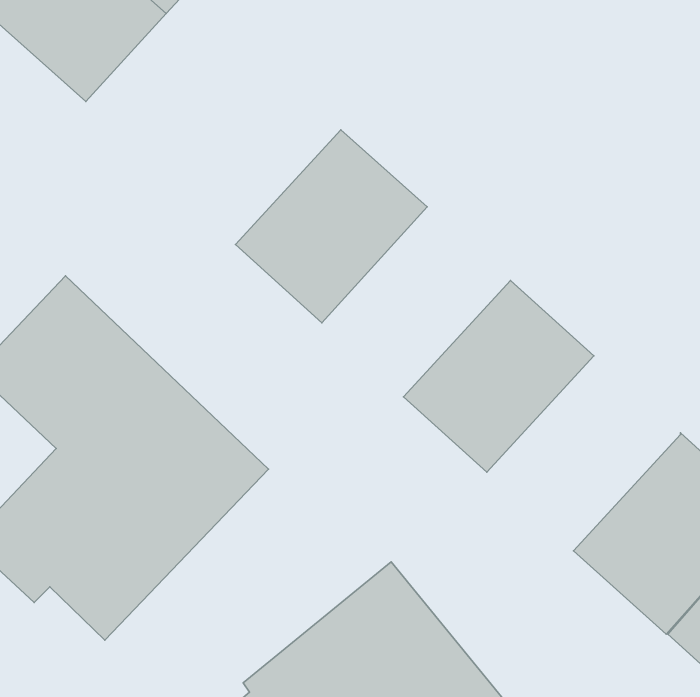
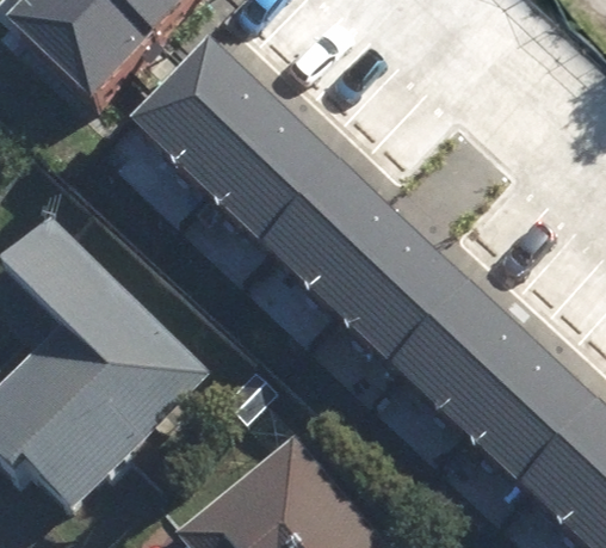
building: none -> [123,44,271,192]
building: none -> [256,164,400,308]
building: none -> [382,277,528,425]

